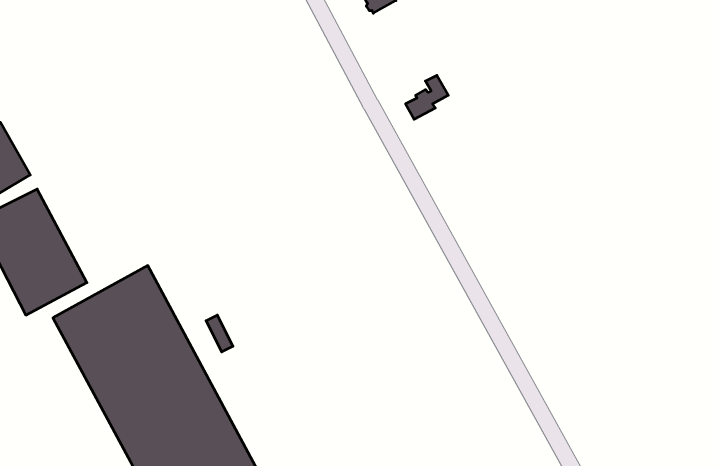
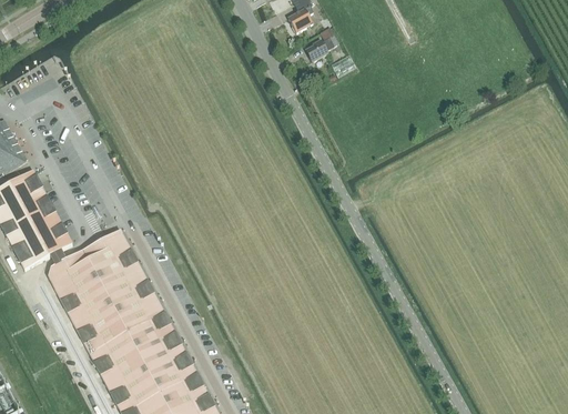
building: [406,75,448,119] -> [304,26,337,60]

